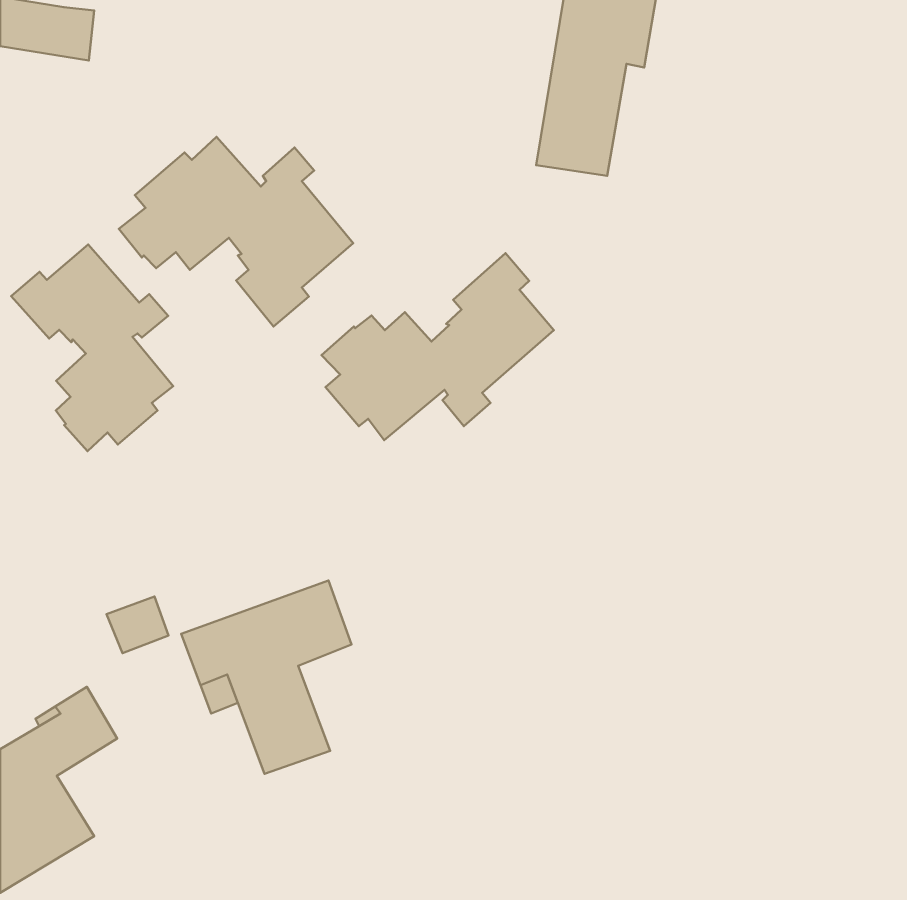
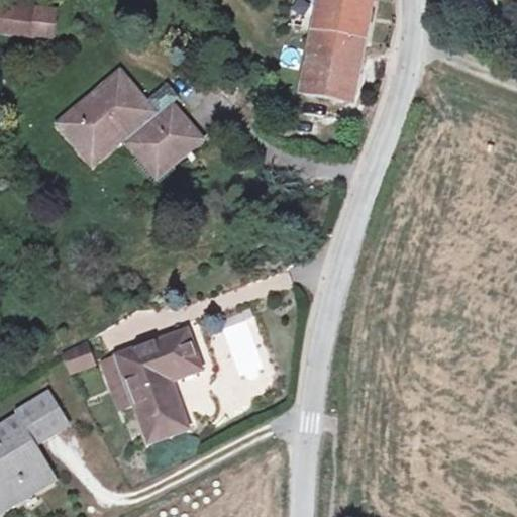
building: [11,245,173,451] -> none
building: [322,253,554,440] -> none

